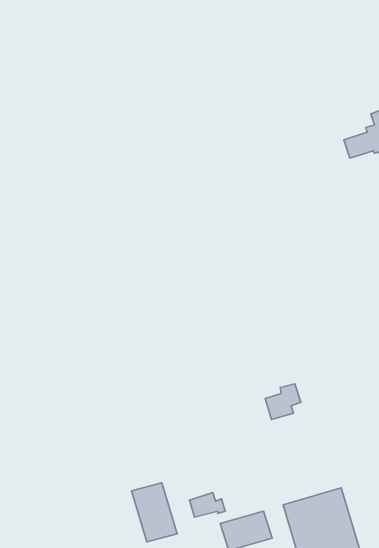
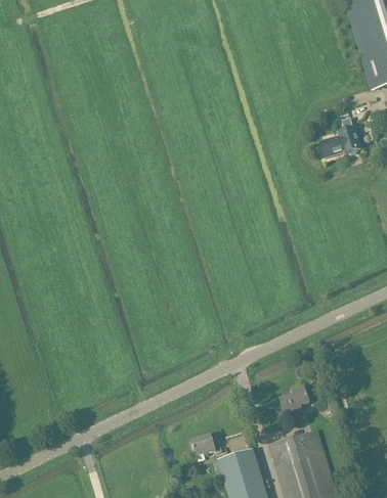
building: [265,384,301,419] -> [280,384,309,414]
building: [132,483,177,542] -> none

